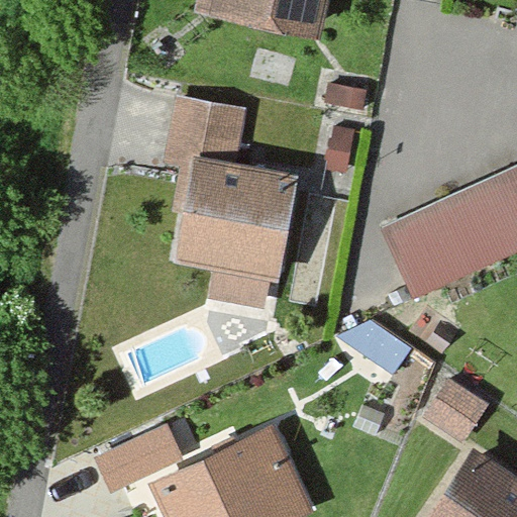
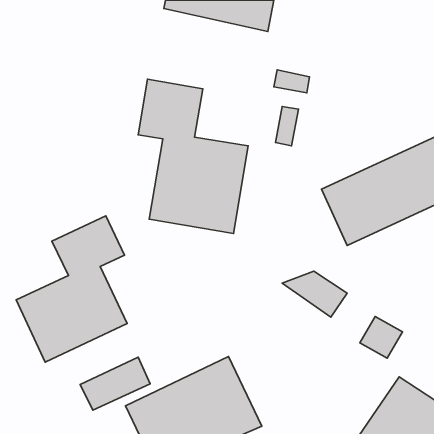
building: none -> [16,216,127,362]

